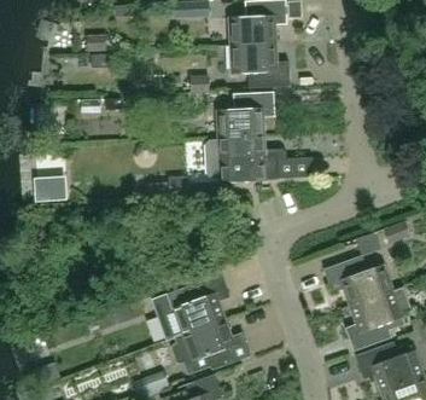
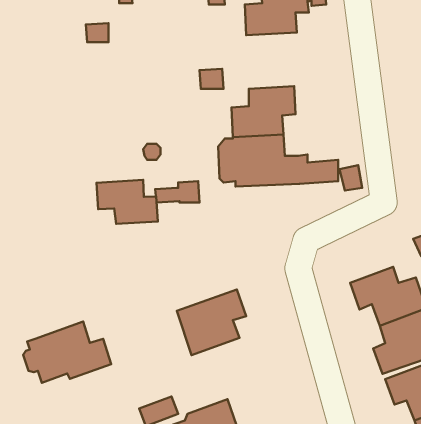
building: [229,42,290,88] -> none
building: none -> [96,180,158,224]
building: [169,318,249,373] -> [23,321,111,383]

